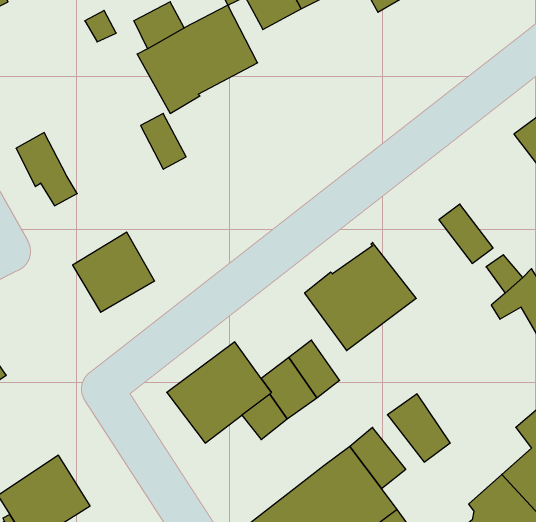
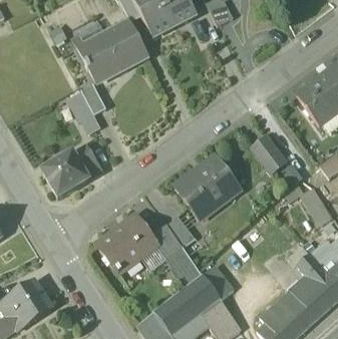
building: [16,133,77,206] -> [65,90,100,132]
building: none -> [73,143,103,180]
building: [387,394,450,462] -> [165,247,202,286]

